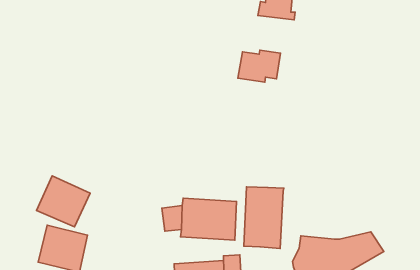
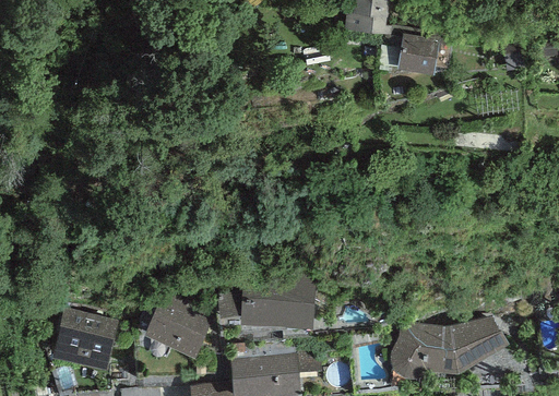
building: [238,50,280,82] -> [396,31,453,73]
building: [37,176,90,227] -> [143,289,214,357]
building: [244,187,284,249] -> none

